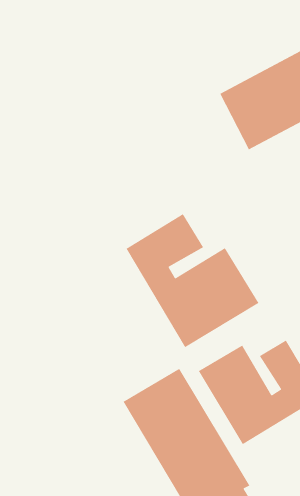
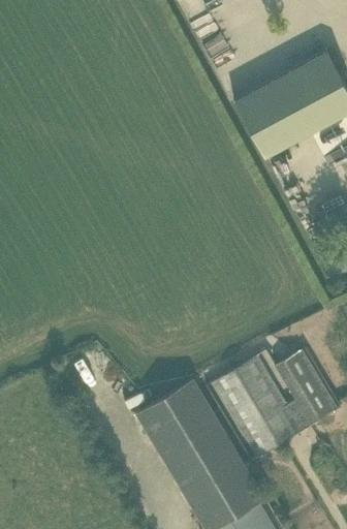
building: [125,213,259,348] -> none

